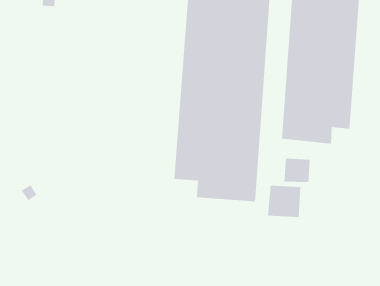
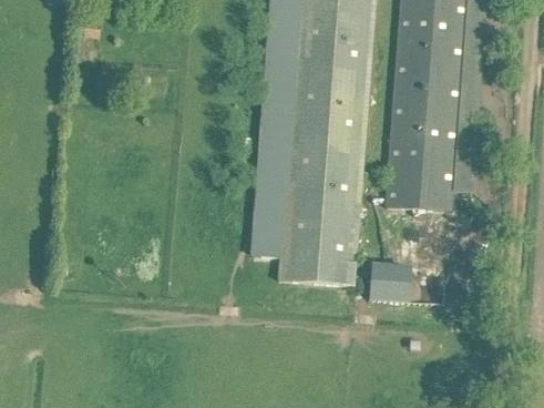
building: [284,158,310,183] -> none

